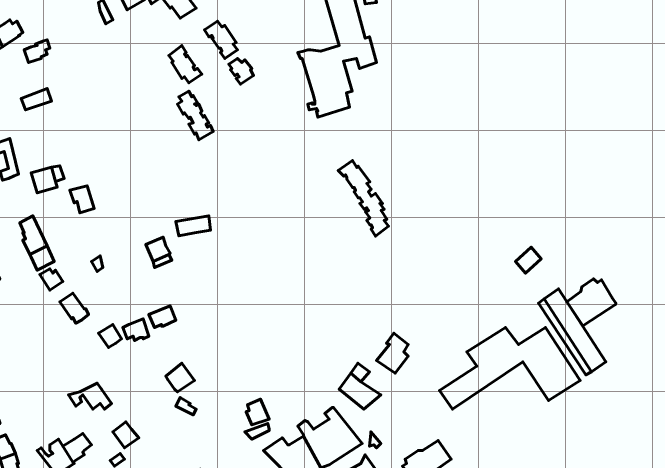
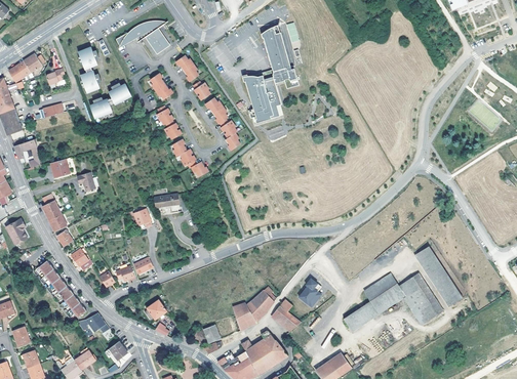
building: none -> [77,46,100,93]
building: none -> [89,83,131,119]
building: none -> [171,138,207,176]
building: [338,160,388,236] -> [203,96,239,151]
building: [567,279,616,326] -> none
building: none -> [35,260,87,317]
building: none -> [232,287,274,331]

